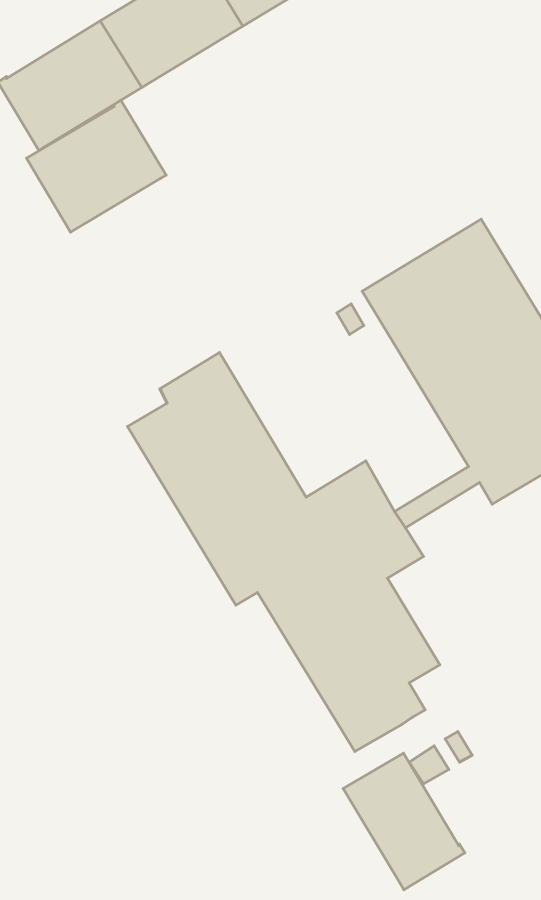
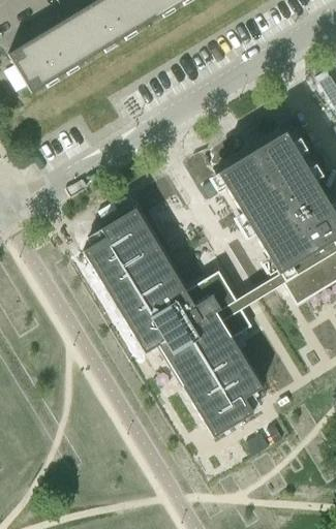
building: [27,100,166,232] -> none
building: [343,753,465,890] -> none

